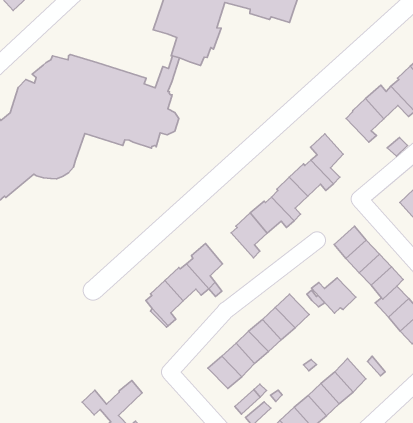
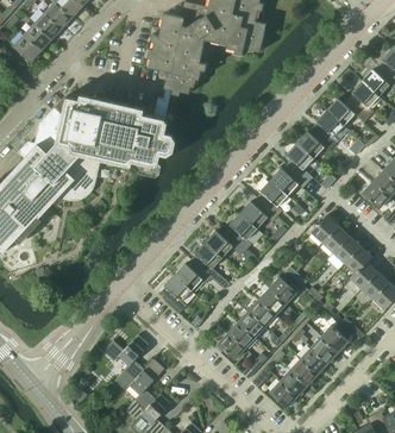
building: none -> [296,127,333,157]
building: none -> [206,230,246,256]
building: [312,278,356,313] -> none
building: none -> [104,333,149,379]

